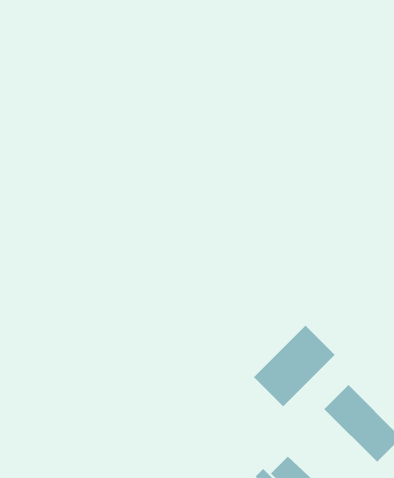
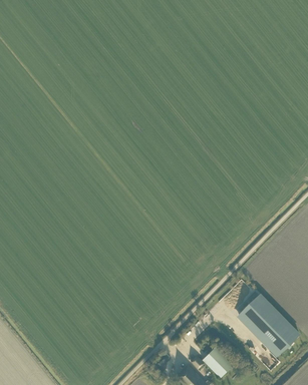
building: [253,325,336,407] -> none

